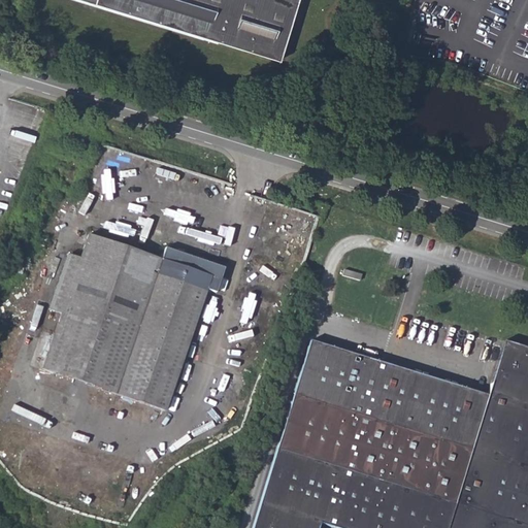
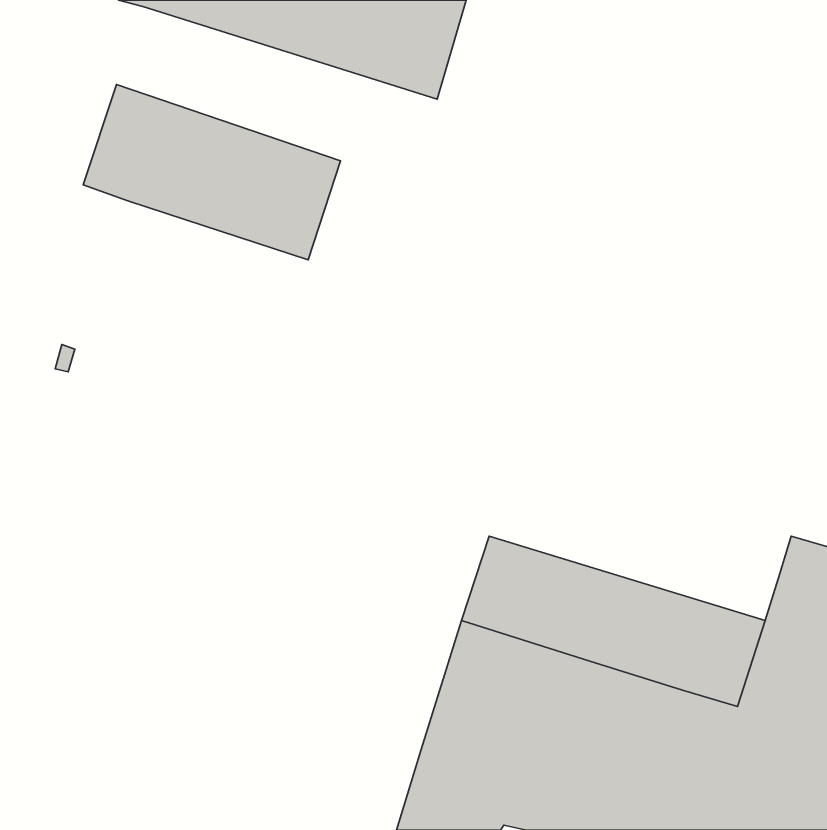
building: none -> [83,84,341,260]
building: [43,234,226,410] -> none

